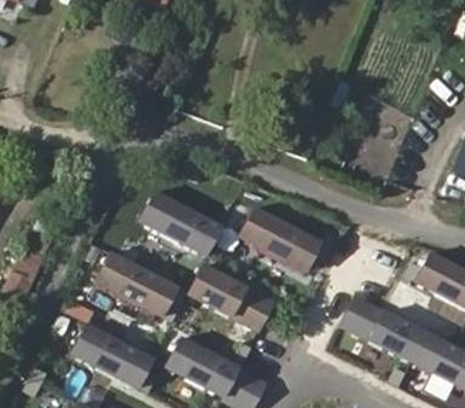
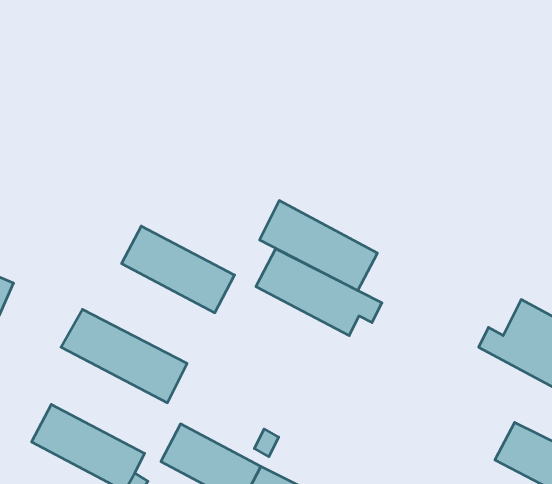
building: [188,262,275,328] -> [260,201,377,291]
building: [341,297,426,362] -> none

